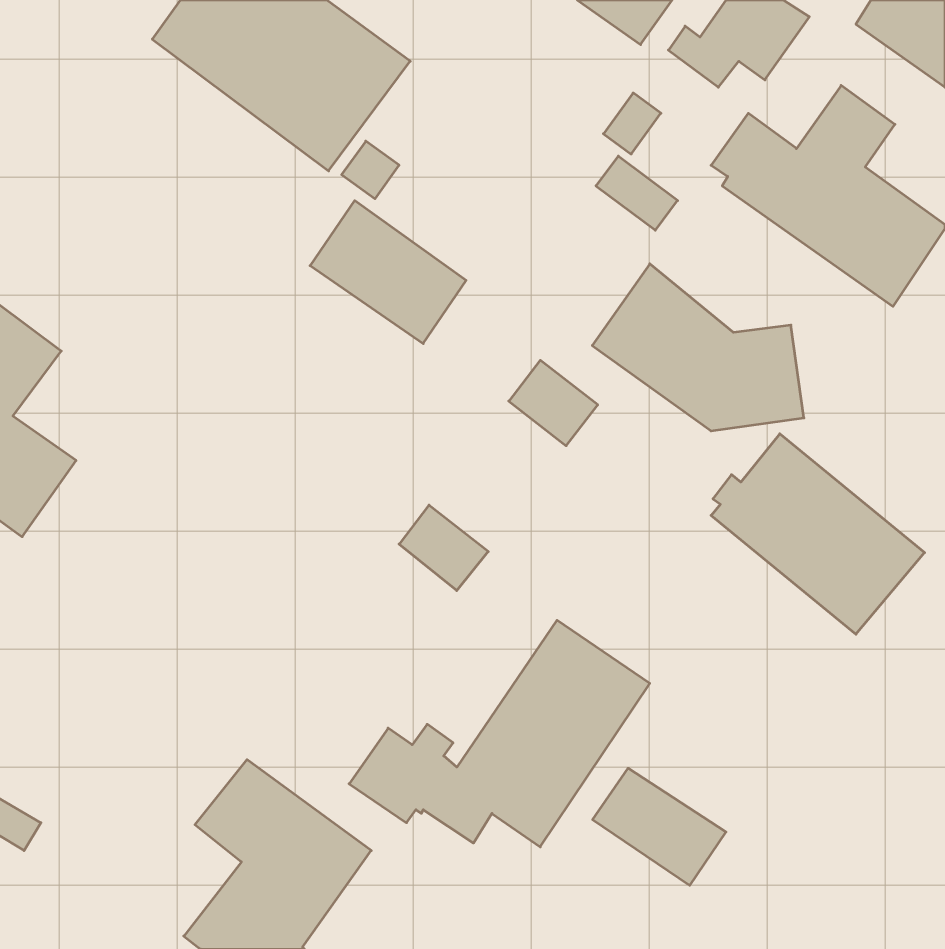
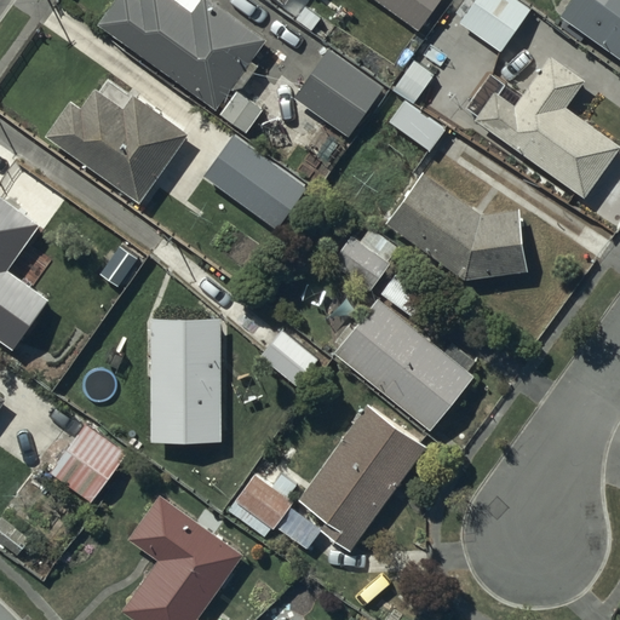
building: none -> [294,50,381,134]
building: none -> [47,80,186,201]
building: [711,434,925,634] -> [334,299,473,430]
building: none -> [150,320,223,442]
building: none -> [51,419,126,503]
building: [593,768,726,885] -> none

